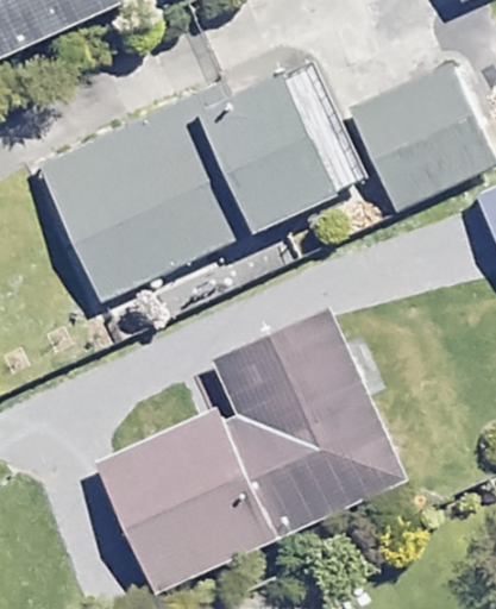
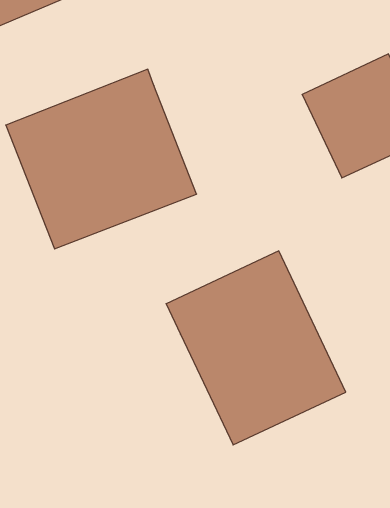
building: [195,71,345,238] -> none
building: [92,402,288,596] -> none

